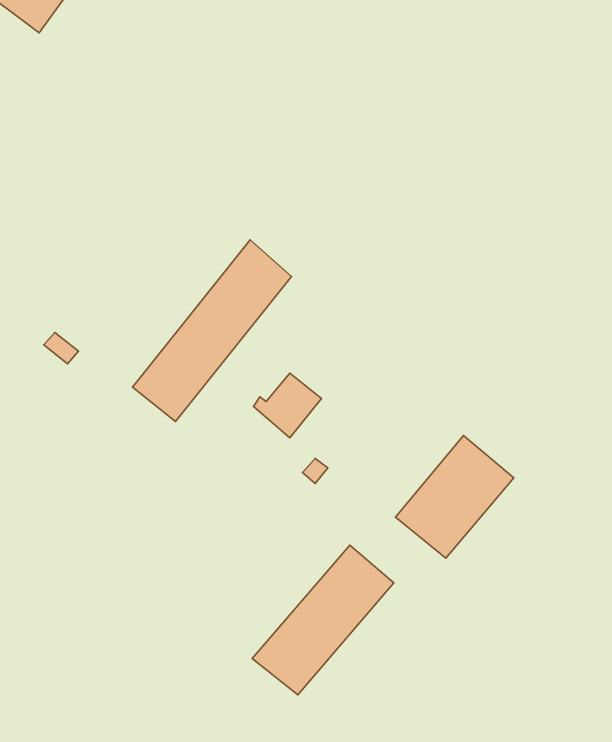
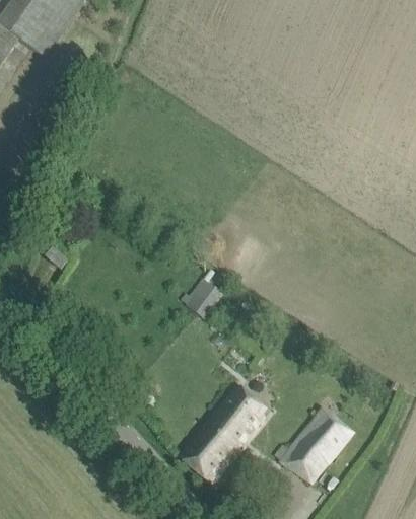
building: [133,240,291,422] -> none
building: [396,435,514,558] -> [279,406,355,486]

